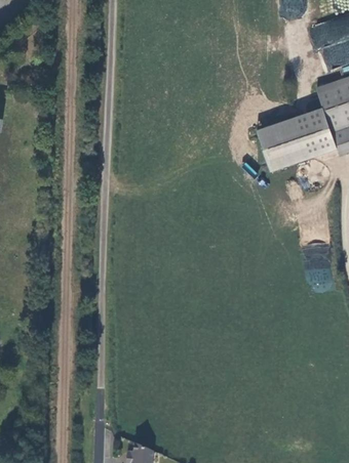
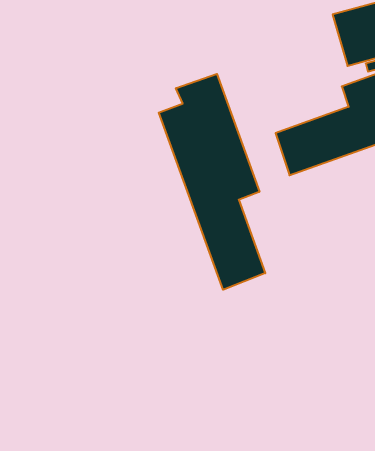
building: none -> [159,74,265,290]

